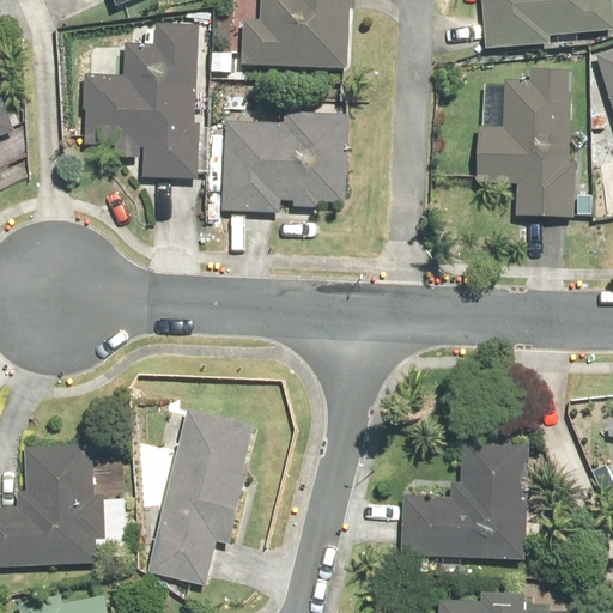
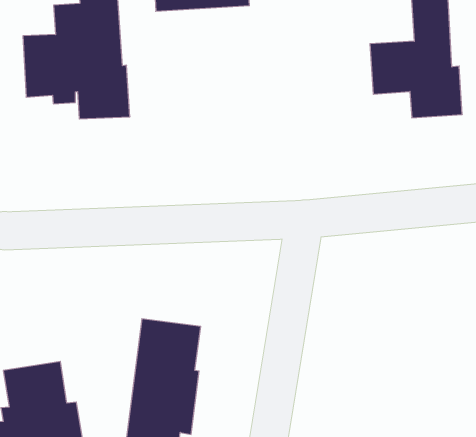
building: [220,110,350,211] -> none
building: [402,436,530,559] -> none

